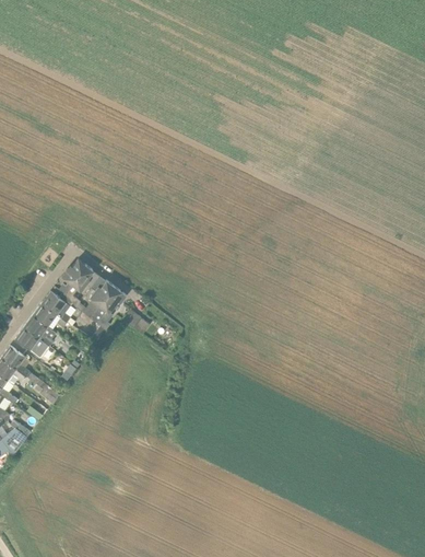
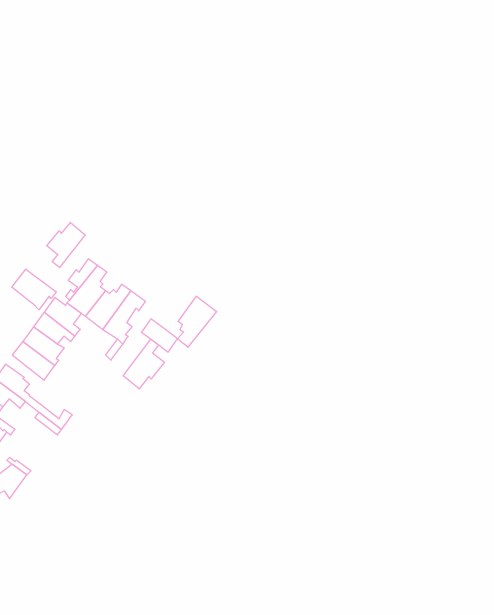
building: none -> [47,222,85,268]
building: none -> [12,269,56,310]
building: none -> [177,296,217,347]
building: none -> [123,339,164,389]

